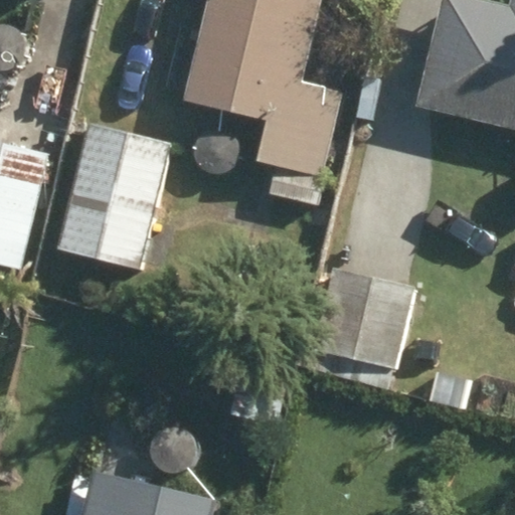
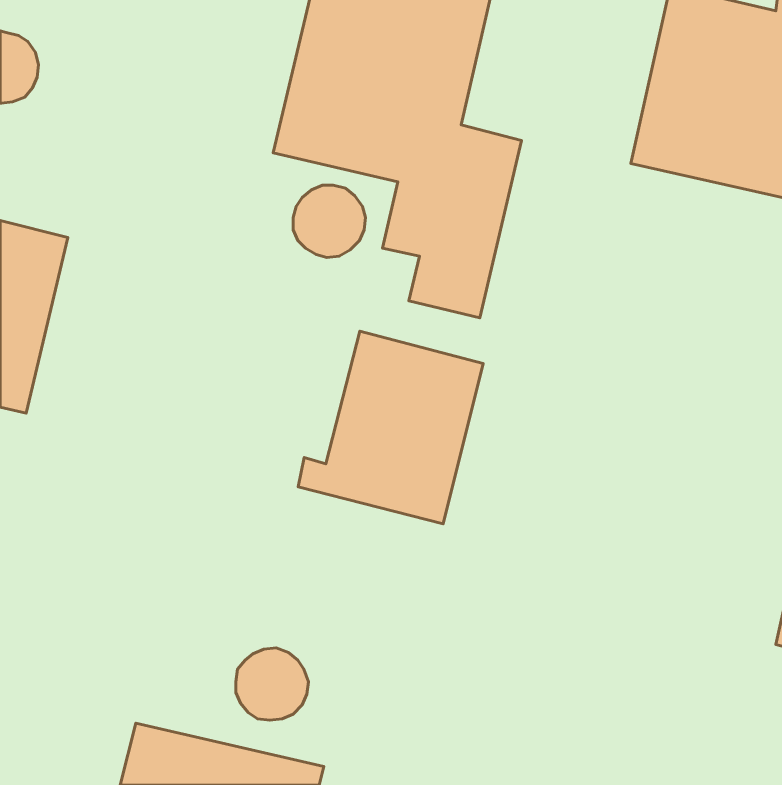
building: [55,124,168,270] -> none
building: [294,267,414,392] -> [298,331,483,524]

